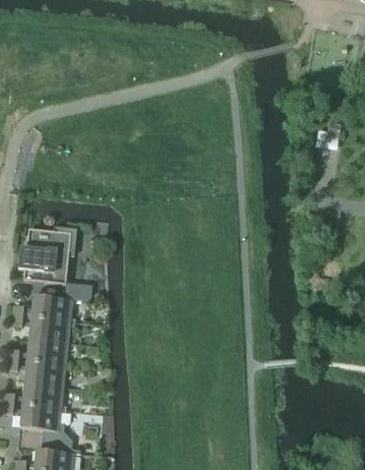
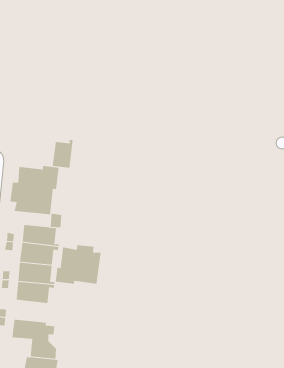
building: none -> [52,139,73,169]
building: none -> [55,245,101,285]
building: [22,383,62,409] -> none

